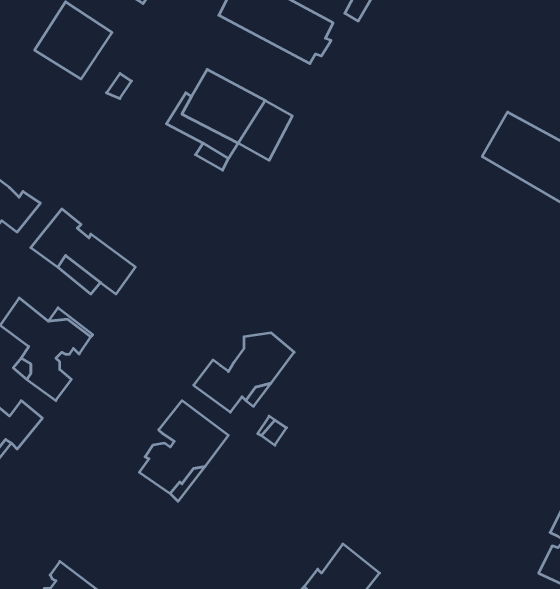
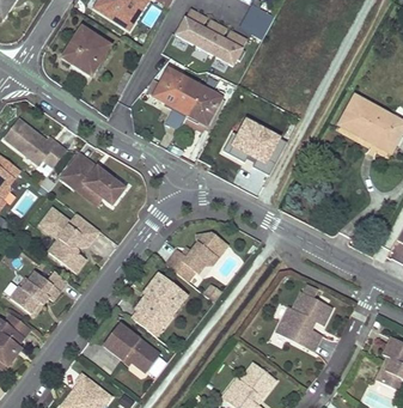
building: none -> [224,120,287,175]
building: none -> [276,285,331,353]
building: none -> [100,323,155,371]

